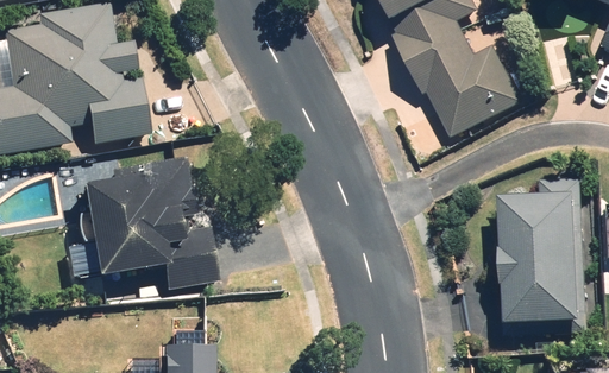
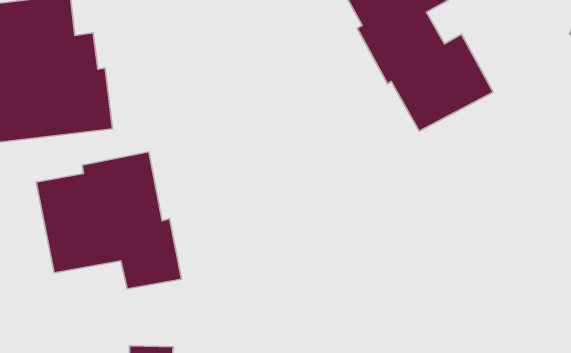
building: [501,178,583,325] -> none

